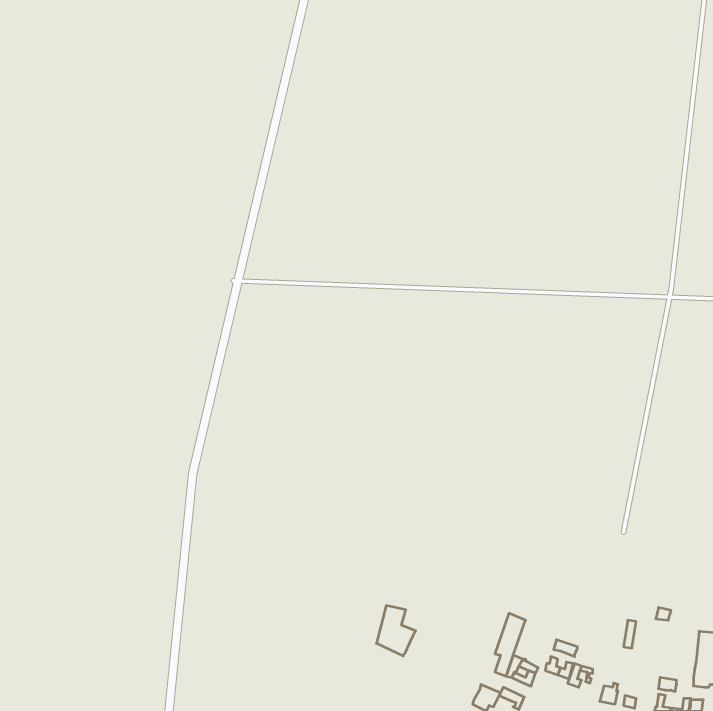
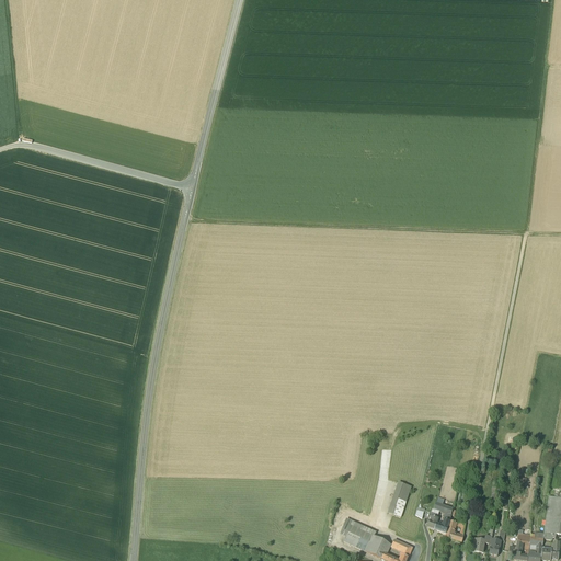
building: [376,606,416,656] -> [345,511,376,550]

